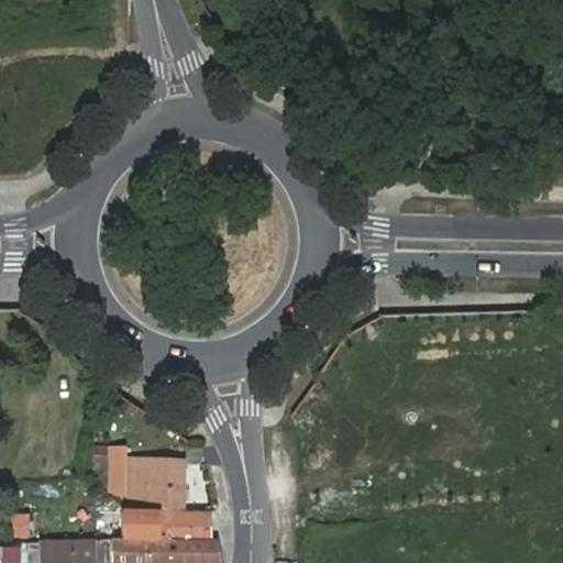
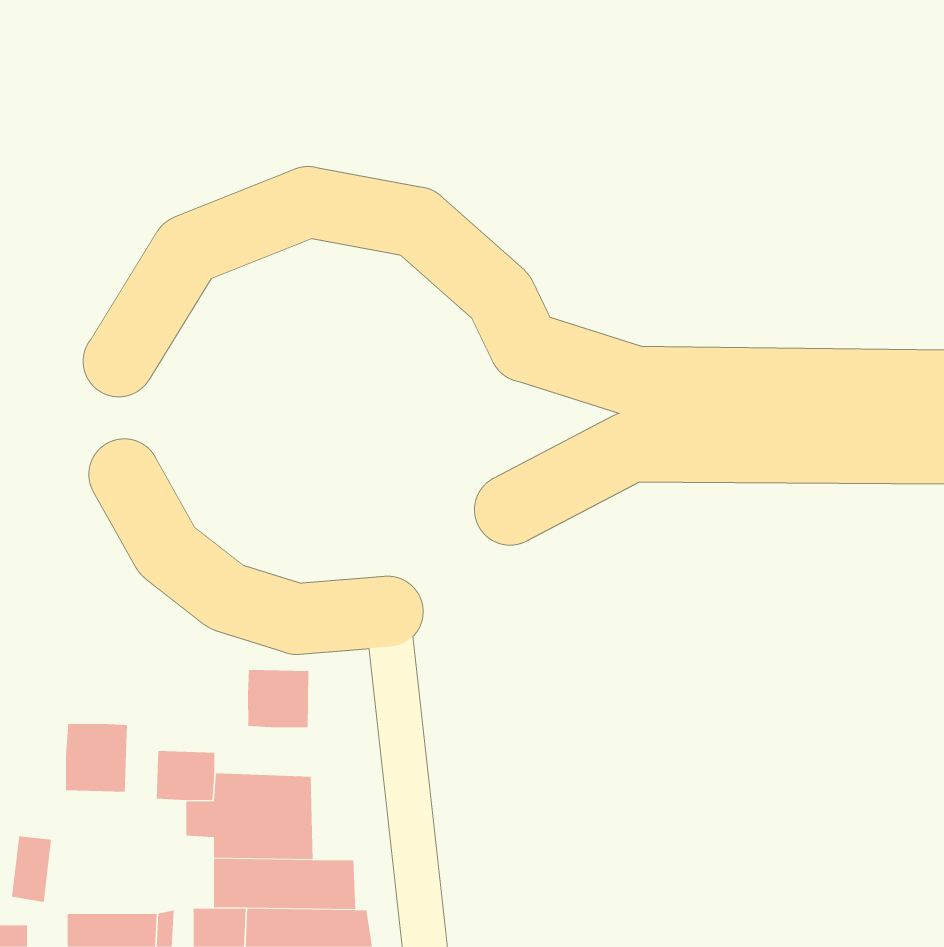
building: none -> [247,669,309,728]
building: none -> [66,723,127,792]

